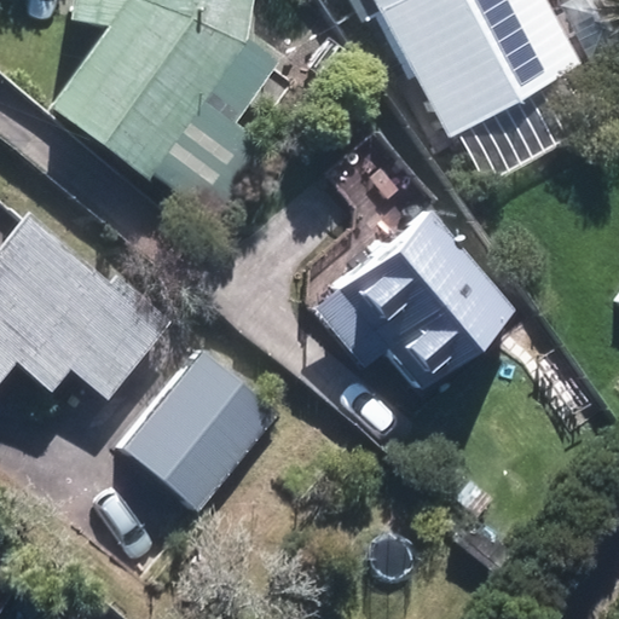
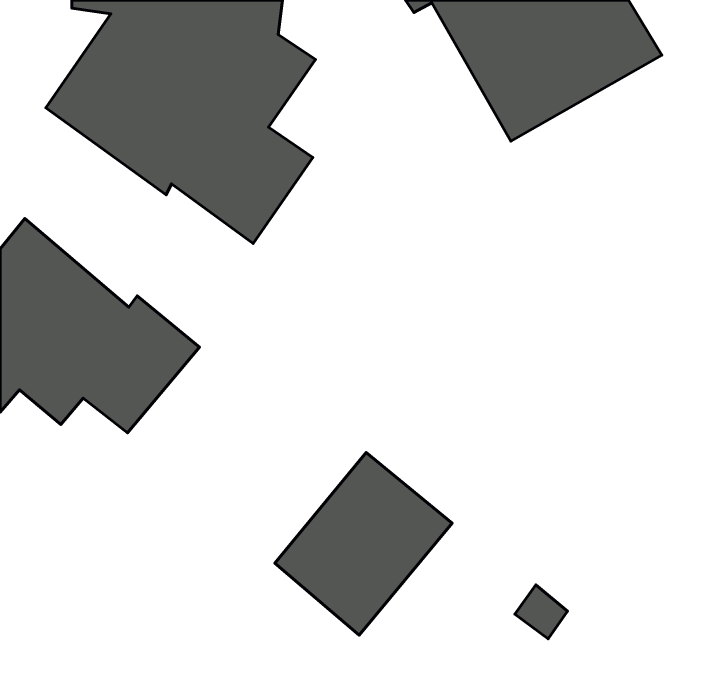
building: [311,204,507,380] -> none
building: [122,353,277,513] -> [275,453,452,635]

